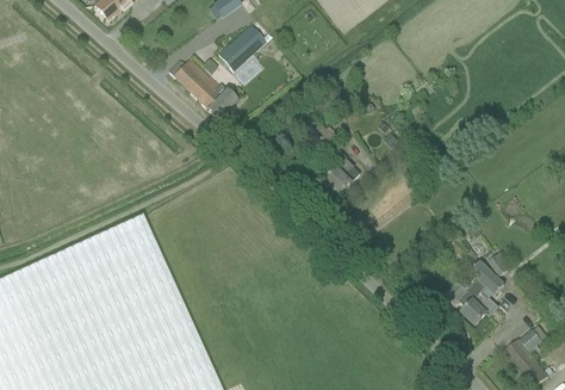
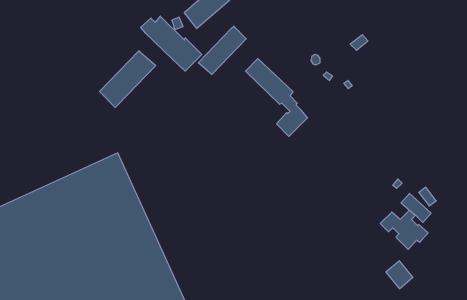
building: none -> [198,26,246,75]
building: none -> [100,51,156,107]
building: [503,338,534,370] -> [386,261,413,289]

